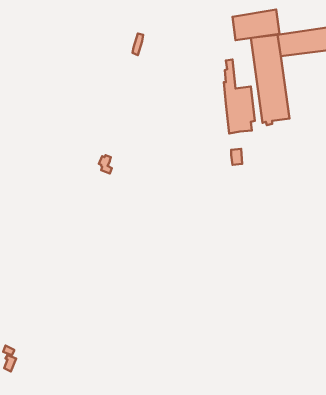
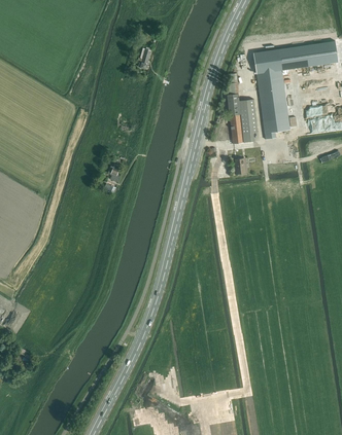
building: [232,10,280,40] -> none

